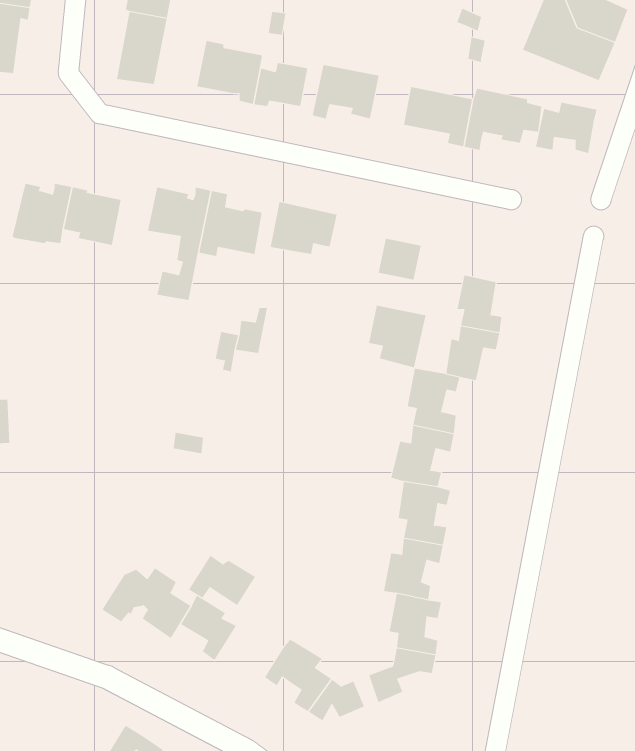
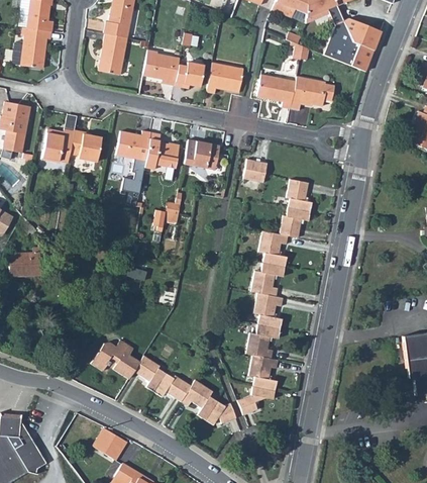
building: [535,102,597,154] -> none
building: [368,305,426,368] -> none
building: [188,555,256,606] -> [153,373,191,401]

